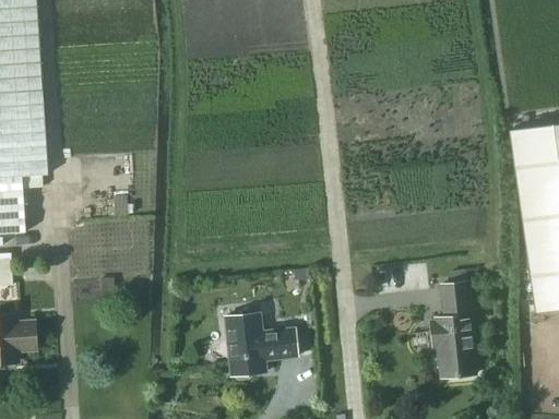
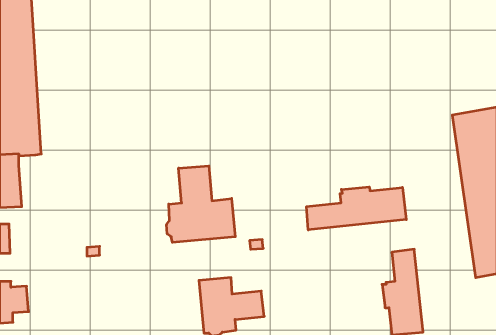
building: none -> [167,166,235,242]
building: none -> [307,187,406,230]

